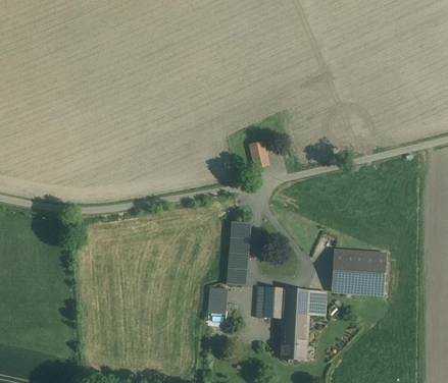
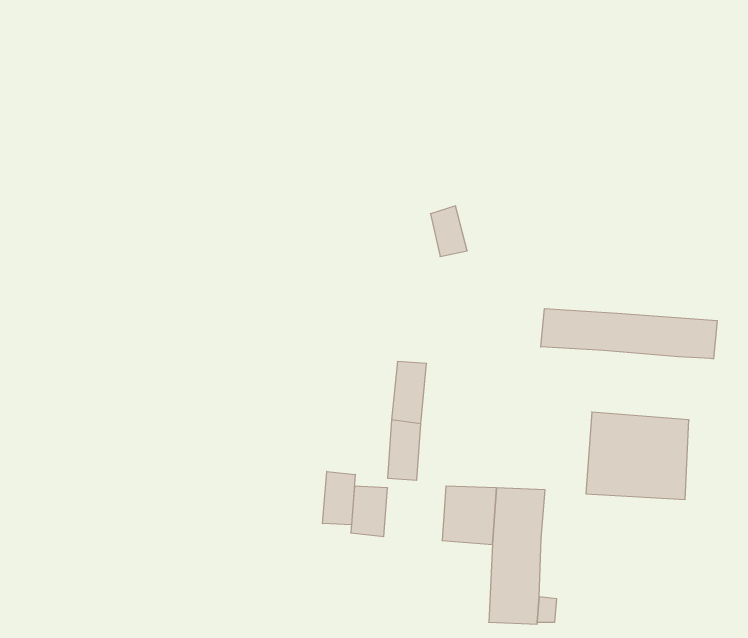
building: none -> [541,309,717,359]
building: none -> [323,471,355,525]
building: [308,289,327,316] -> none

